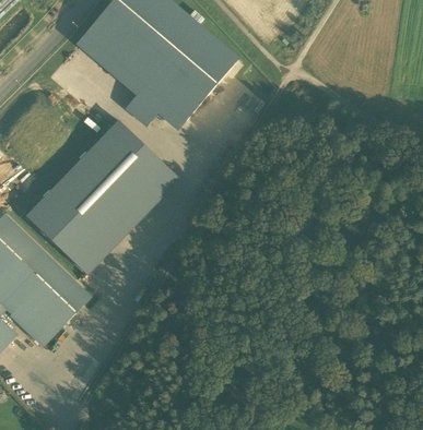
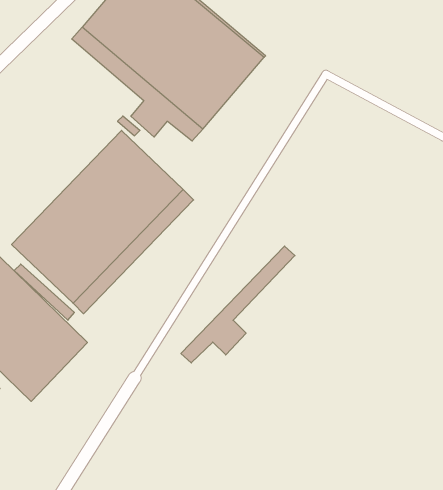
building: none -> [181,246,295,363]

